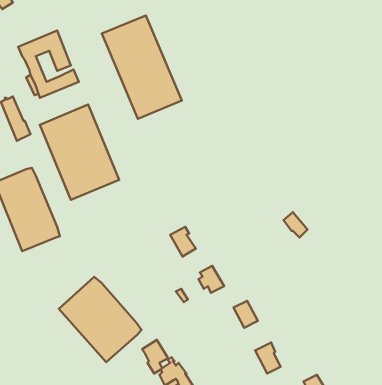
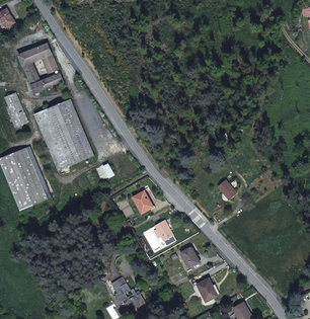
building: [102,15,182,119] -> none
building: [59,277,142,362] -> none

